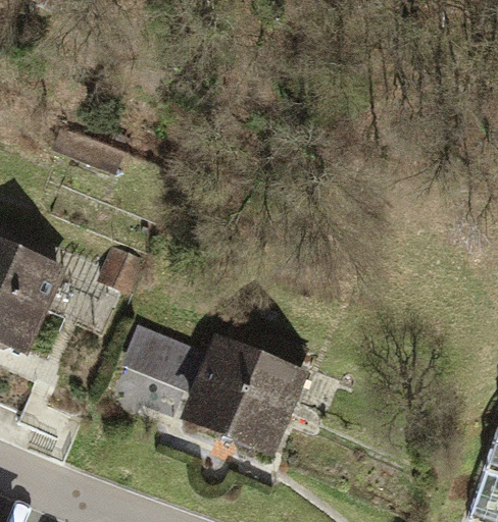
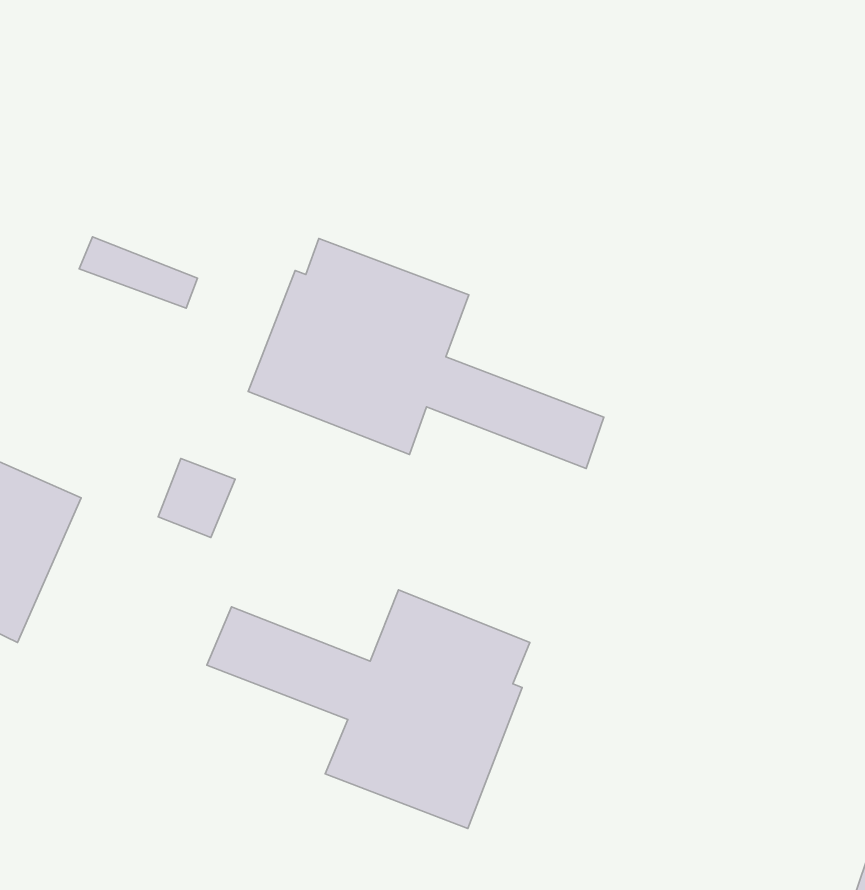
building: none -> [248,238,604,469]

